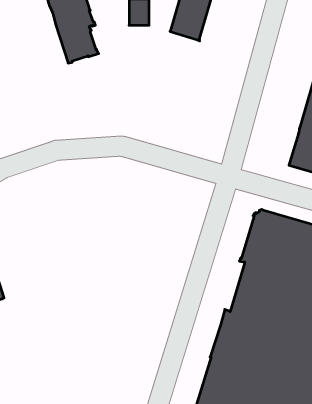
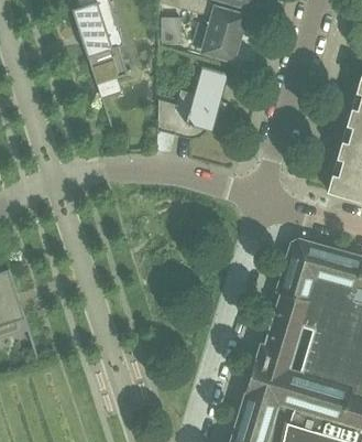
building: none -> [157,67,229,139]

